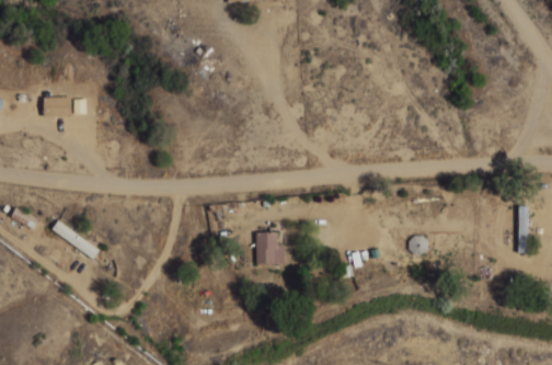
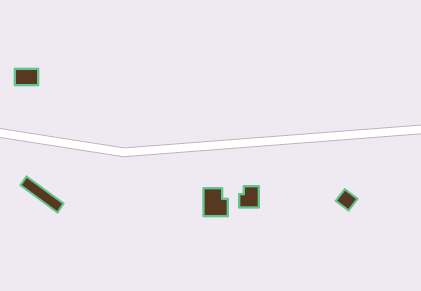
building: none -> [239,186,259,207]

